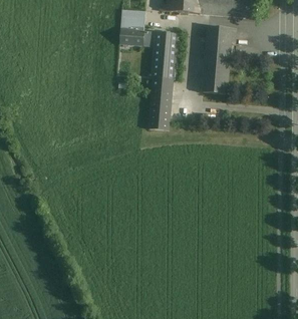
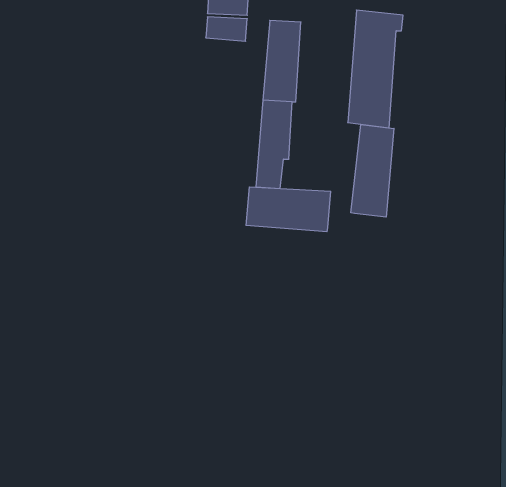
building: none -> [351,124,394,217]
building: none -> [246,187,331,232]

